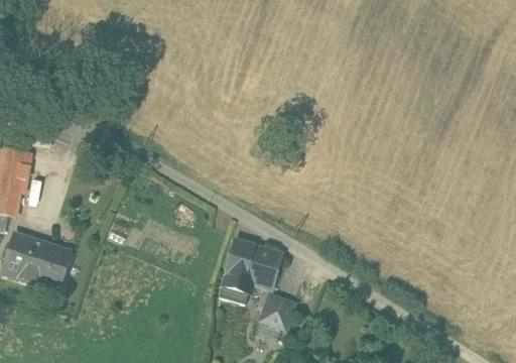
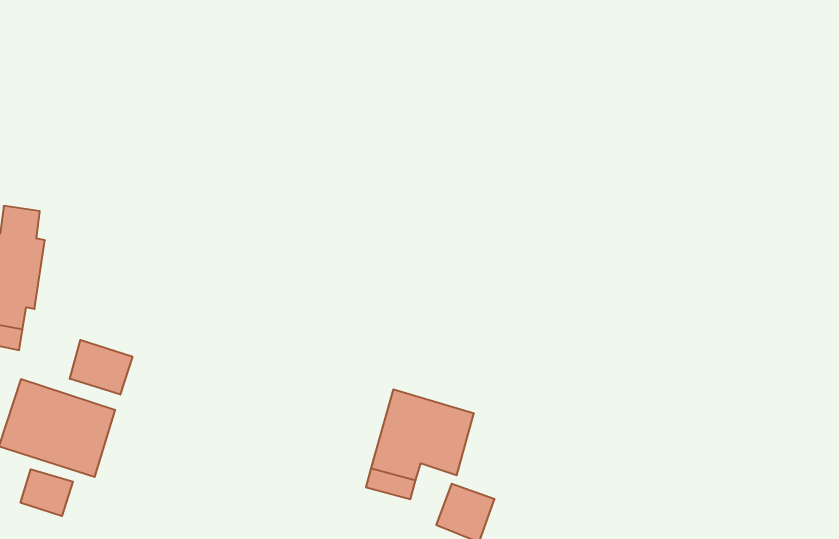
building: none -> [70,340,132,395]
building: none -> [21,469,73,516]

